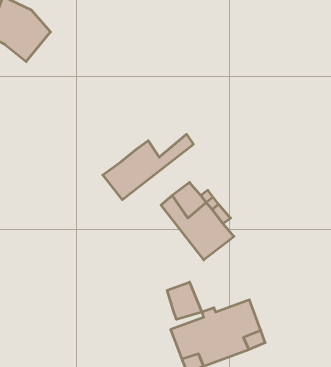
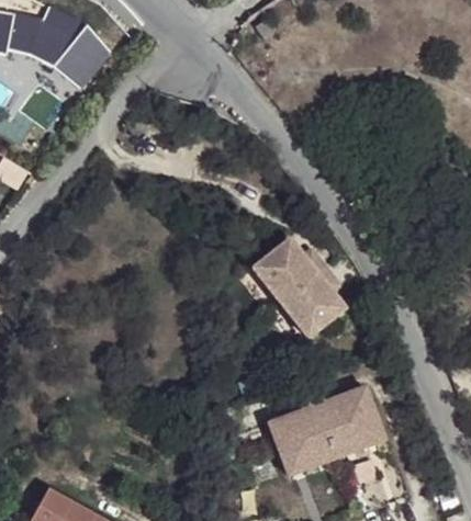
building: [103,134,193,200] -> none
building: [167,282,202,319] -> none

